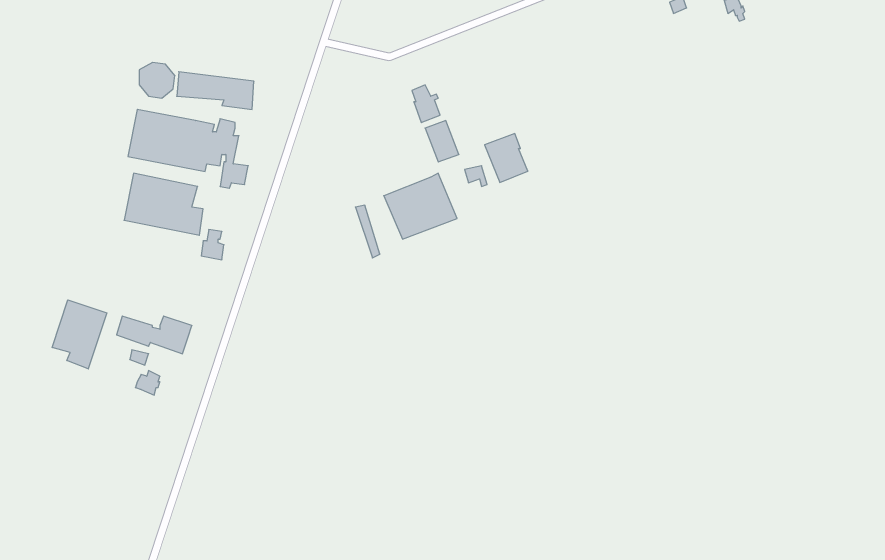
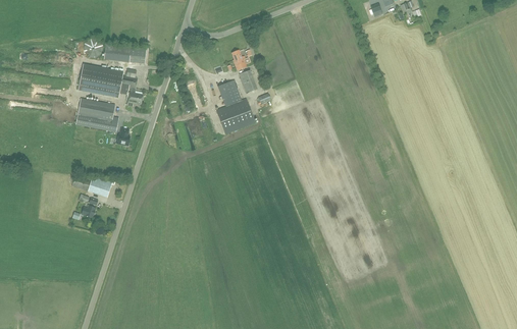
building: [485,134,528,182] -> [218,79,242,106]
building: [52,300,107,369] -> none

